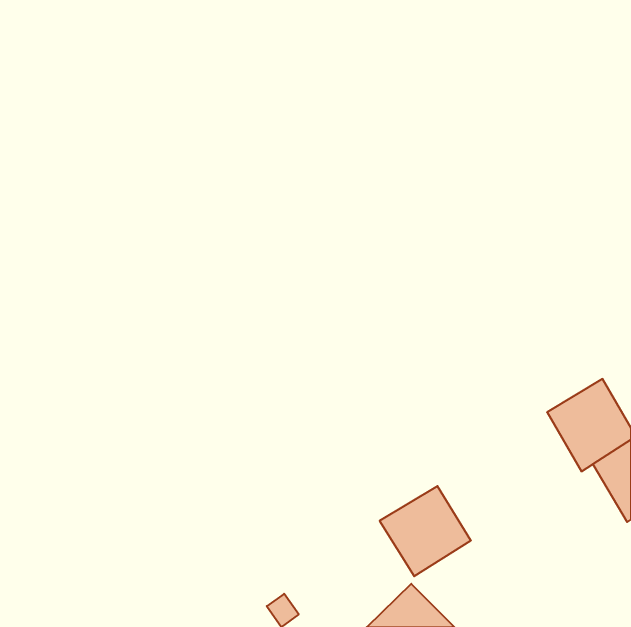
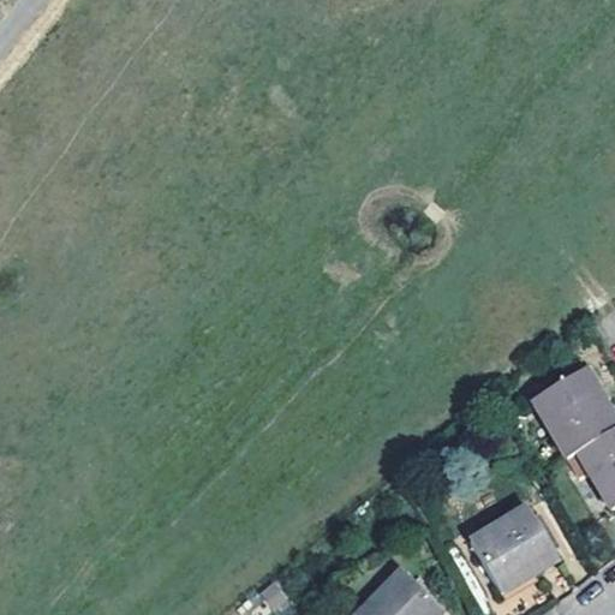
building: [380,486,471,576] -> [470,507,559,595]

